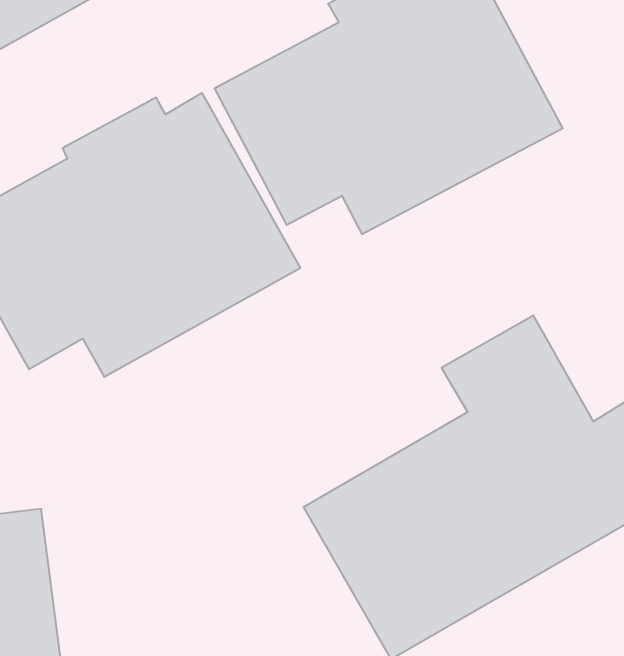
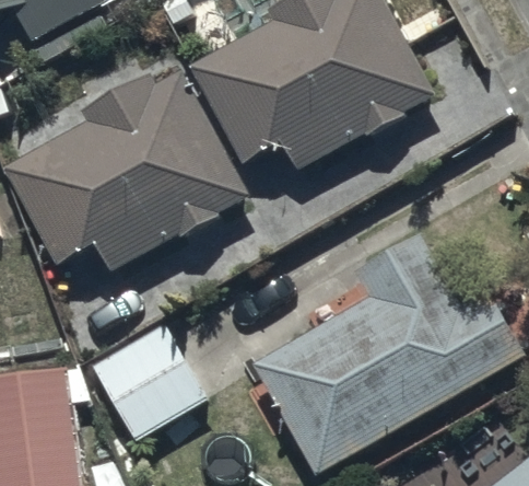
building: none -> [91,322,208,441]

